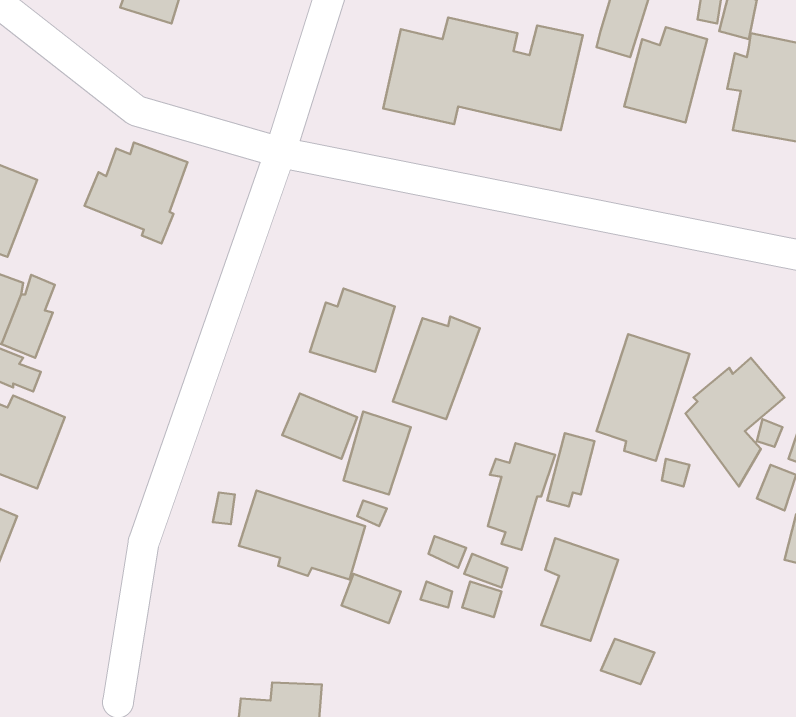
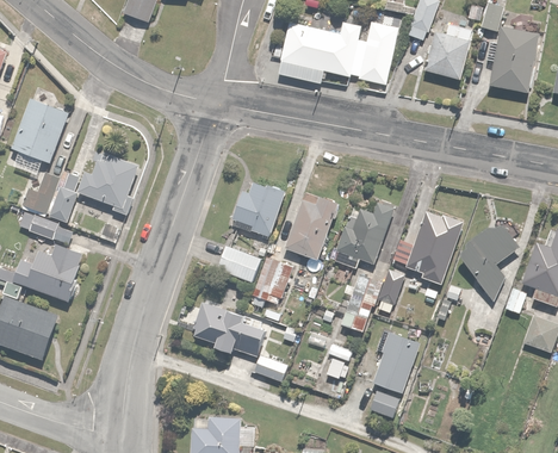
building: [85,142,187,243] -> [78,154,140,215]
building: none -> [334,203,393,268]
building: [601,639,654,684] -> [368,391,401,418]

